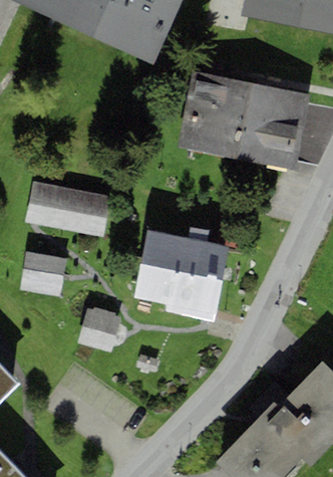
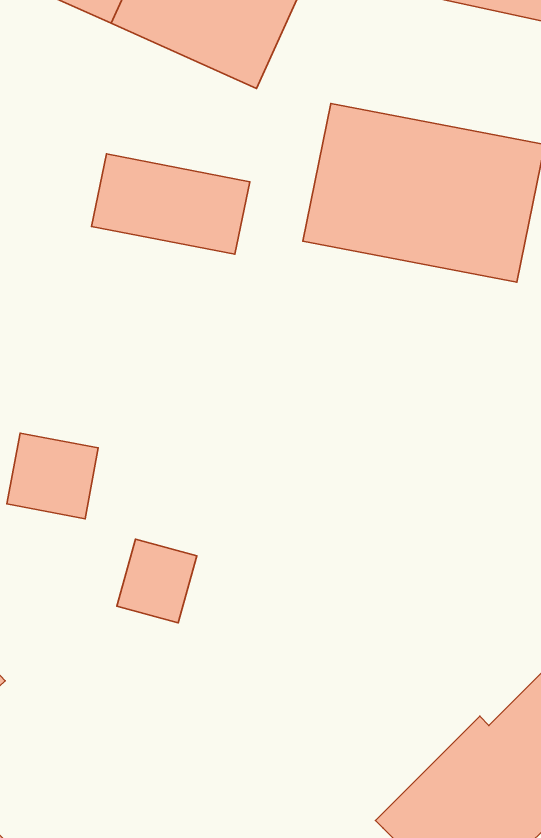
building: [25,181,110,235] -> [92,154,250,254]
building: [133,230,230,320] -> none

